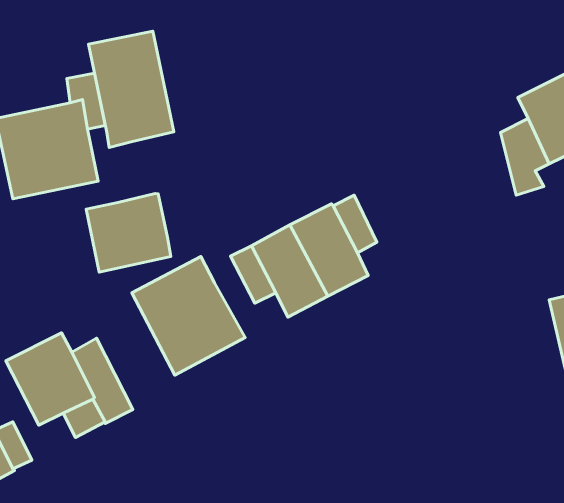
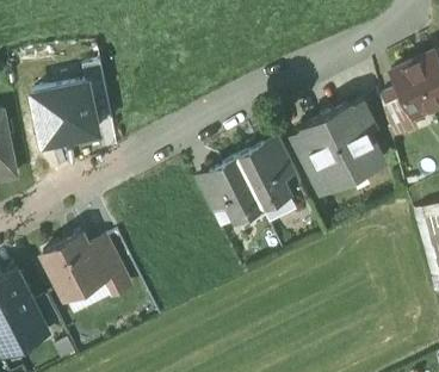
building: [89,31,174,147] -> none
building: none -> [295,103,383,192]
building: [86,194,171,272] -> none
building: [132,257,245,375] -> none

